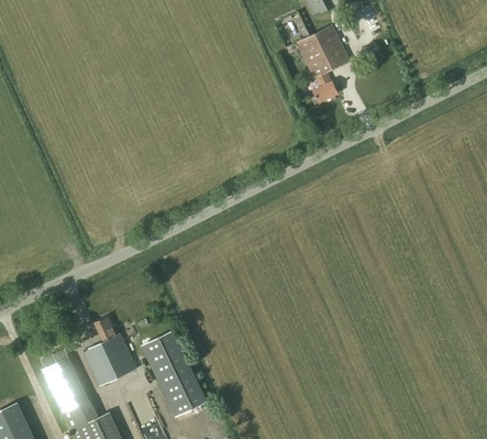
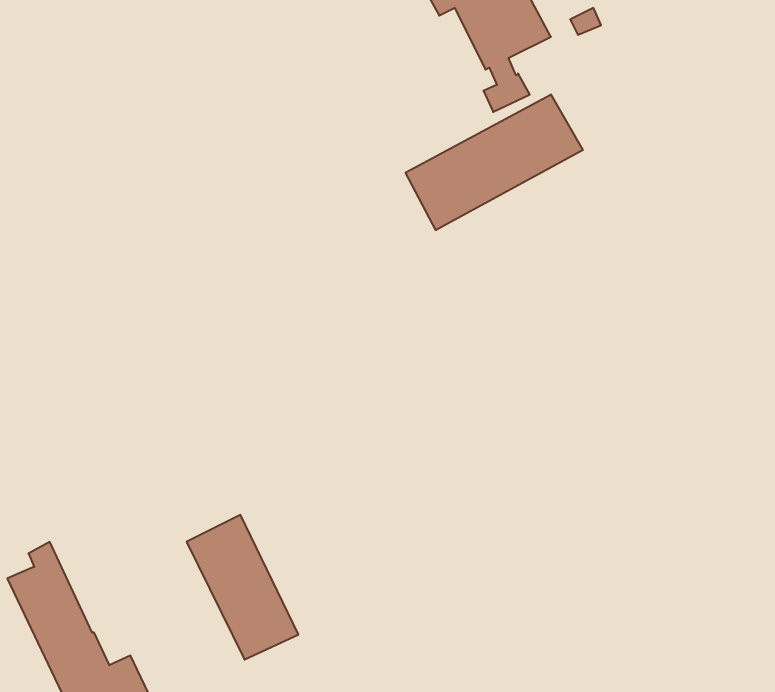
building: none -> [406,94,583,230]
building: [82,317,136,387] -> none

